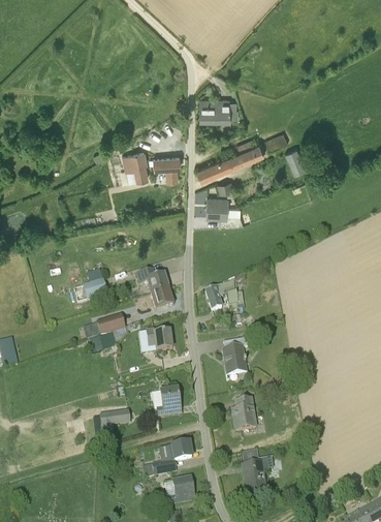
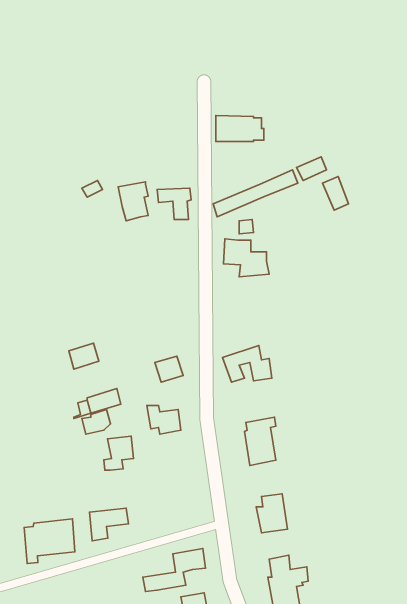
building: [136,268,168,294] -> none
building: [156,388,180,414] -> [104,436,134,470]
building: none -> [24,519,75,564]

